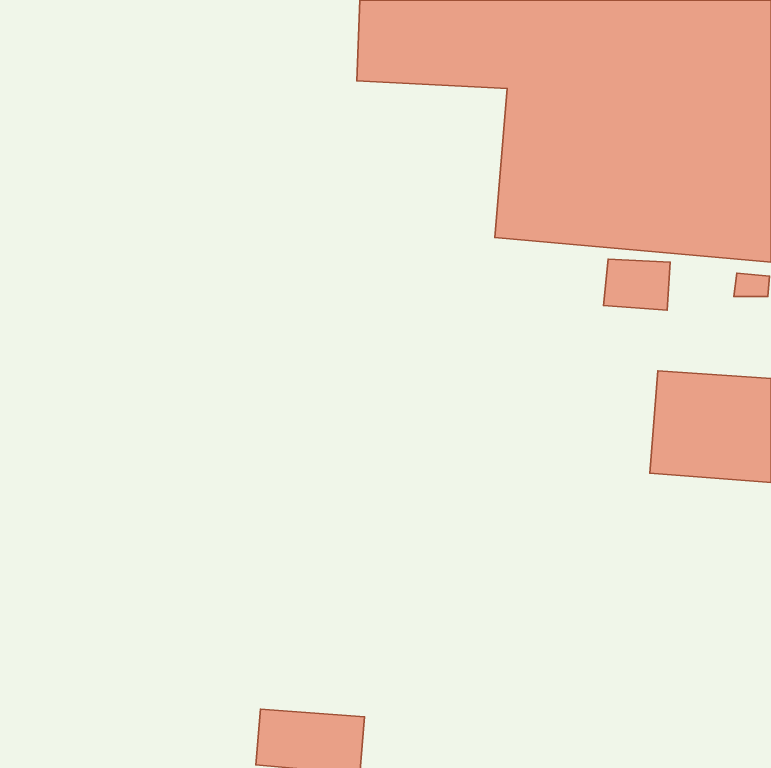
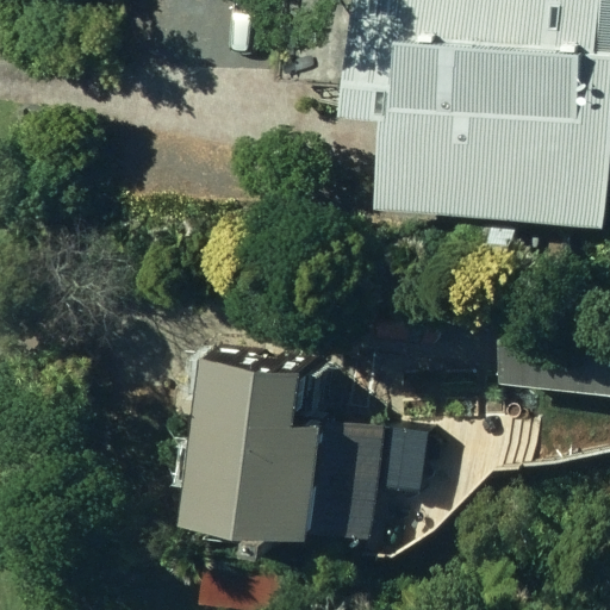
building: none -> [192,348,381,536]

